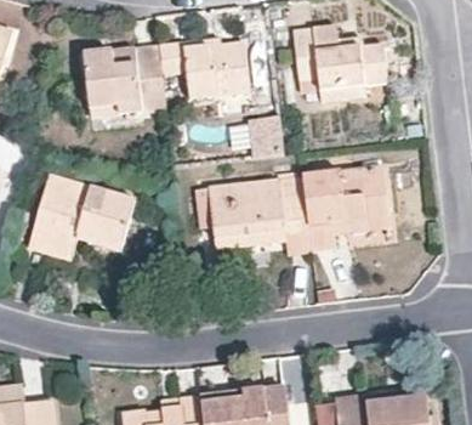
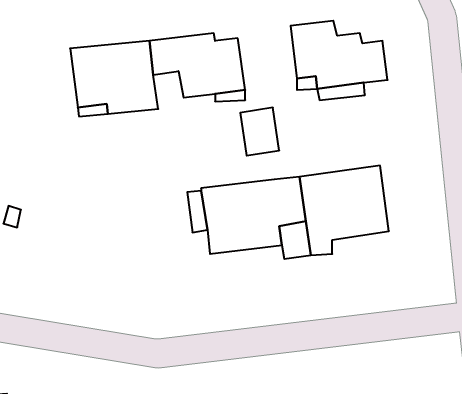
building: [29,175,135,260] -> none

